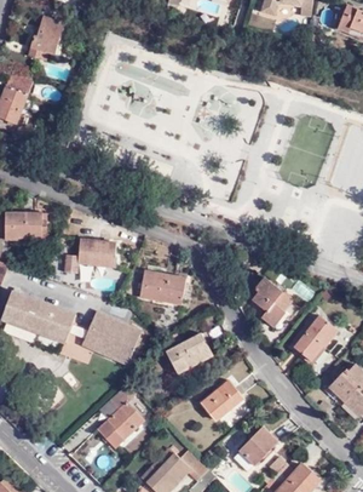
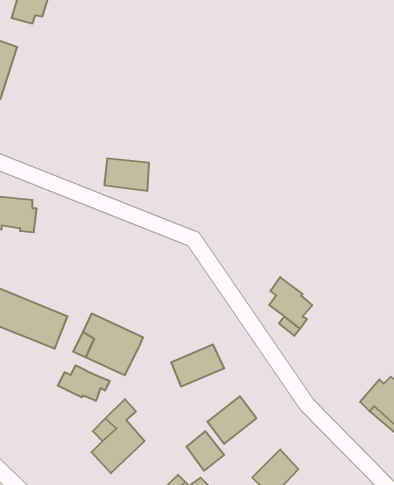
building: [80,240,119,268] -> [104,159,149,191]
building: [142,271,188,308] -> none
building: [294,315,339,359] -> none
building: none -> [58,365,110,401]
building: none -> [186,431,224,471]

